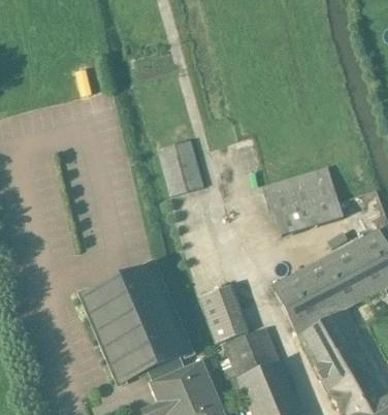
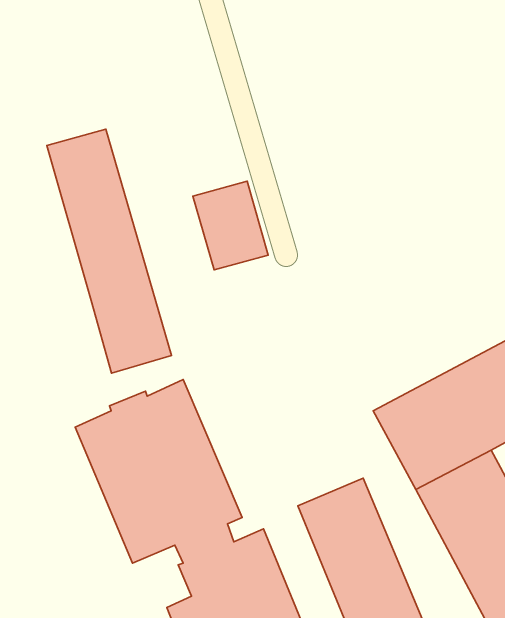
building: none -> [47,129,171,373]
building: [265,166,343,235] -> none
building: [197,284,249,344] -> none

